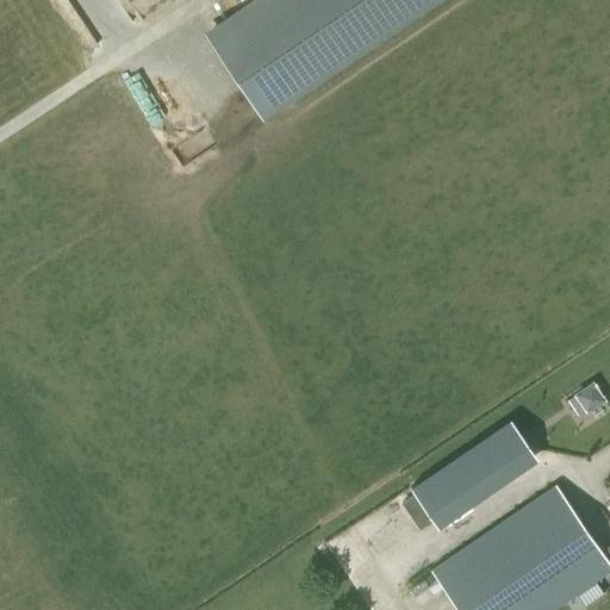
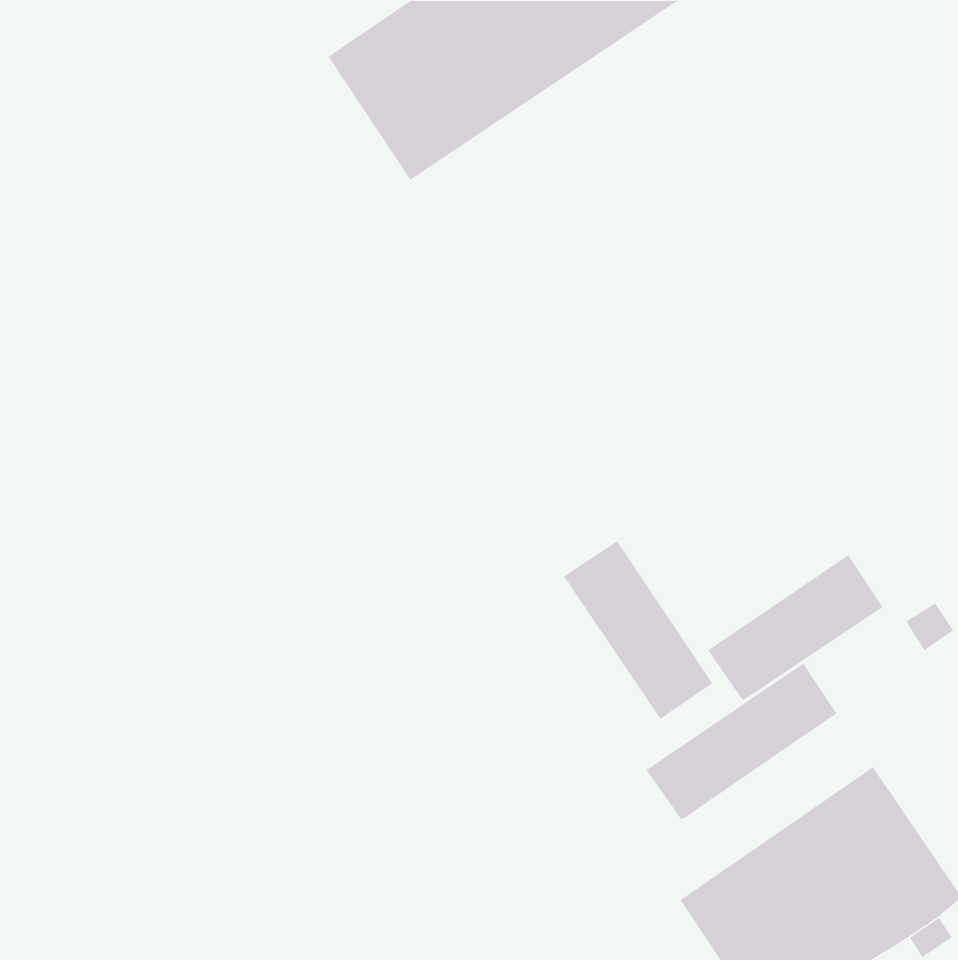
building: none -> [563,540,713,720]
building: none -> [707,554,883,701]

